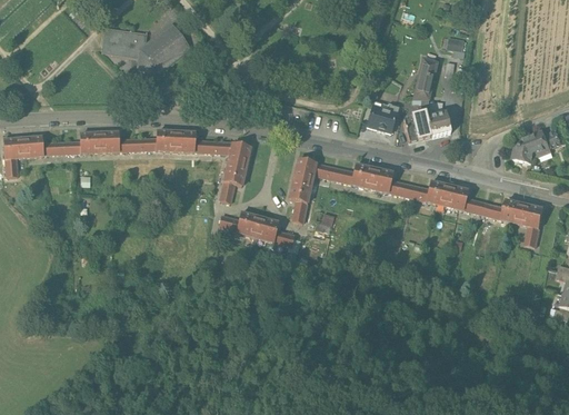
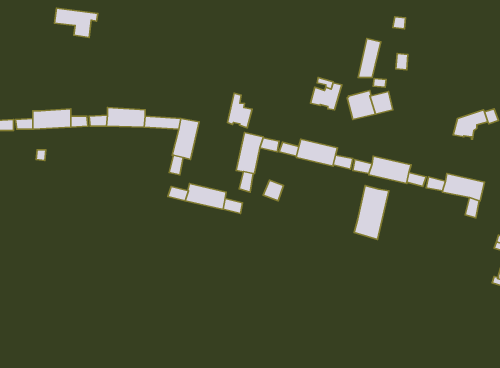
building: [136,33,182,75] -> none
building: none -> [228,93,252,128]
building: none -> [354,185,389,239]

